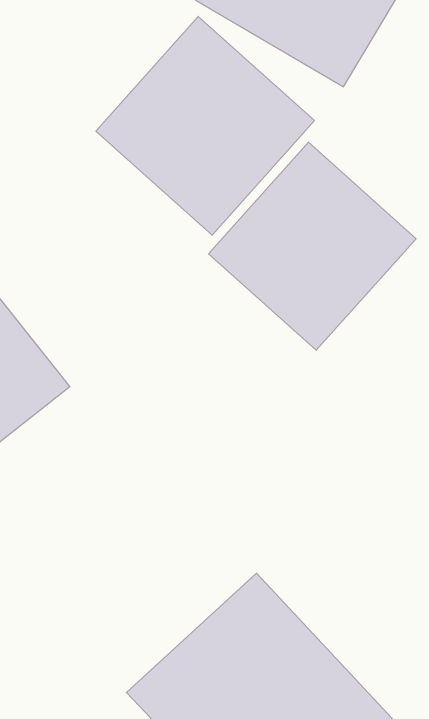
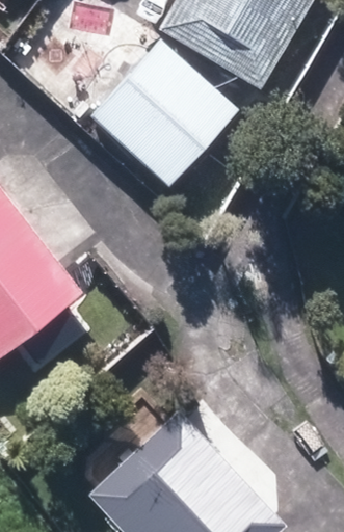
building: [209,142,416,350] -> none

